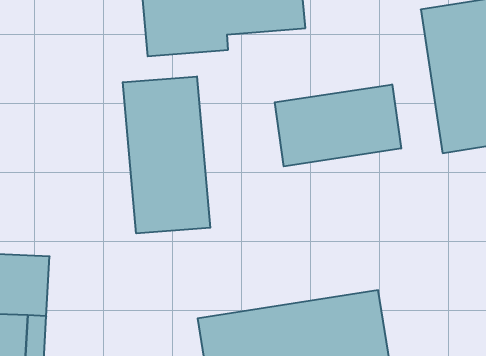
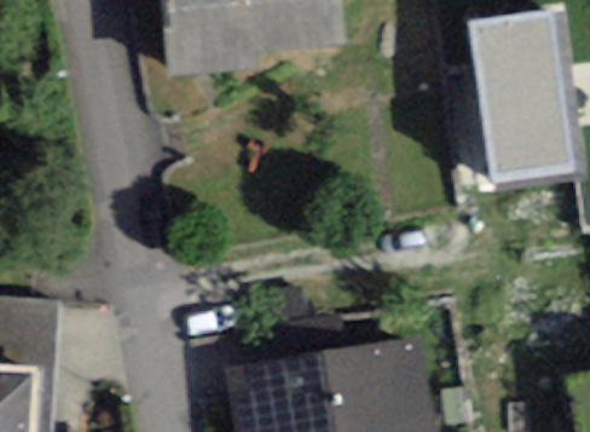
building: [123,76,210,233] -> none
building: [275,84,401,166] -> none

